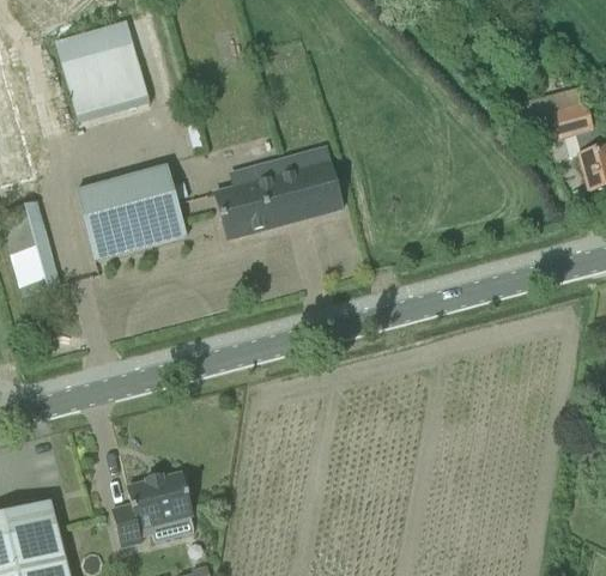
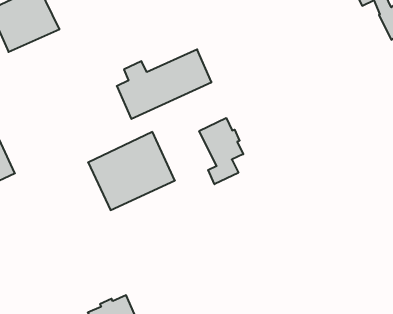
building: [74,163,186,257] -> [88,132,175,210]
building: none -> [199,118,243,184]

